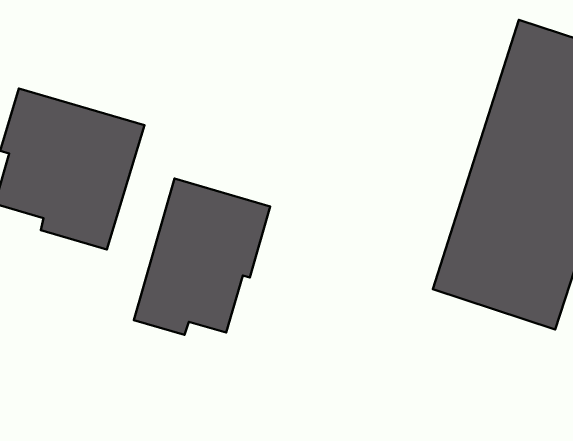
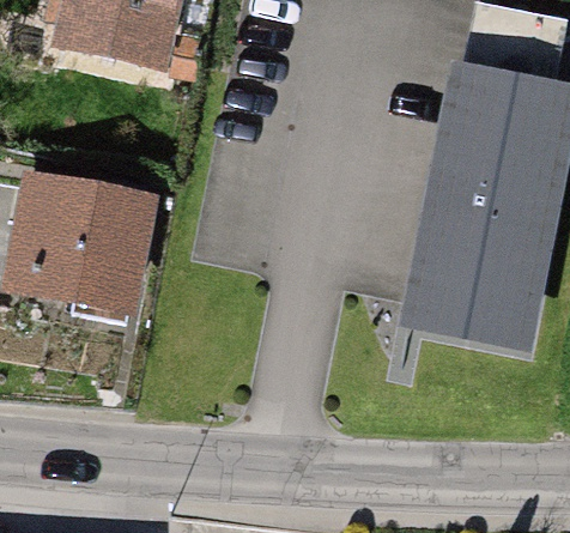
building: [134,178,270,335] -> none

